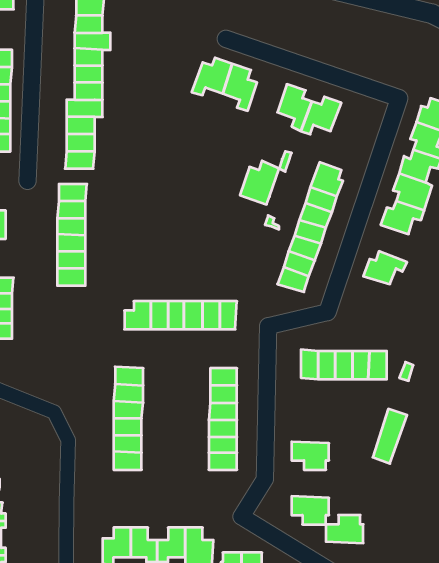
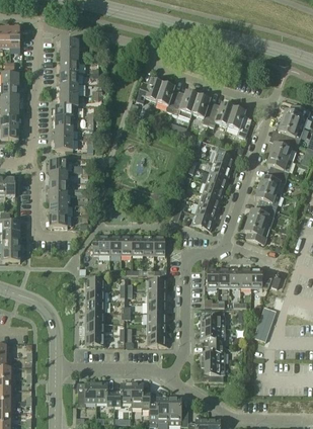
building: none -> [226,107,251,139]
building: [240,161,279,204] -> [172,90,198,118]
building: none -> [255,186,281,210]
building: none -> [244,220,269,244]
building: none -> [201,310,225,328]
building: [326,515,363,543] -> [201,345,225,363]

